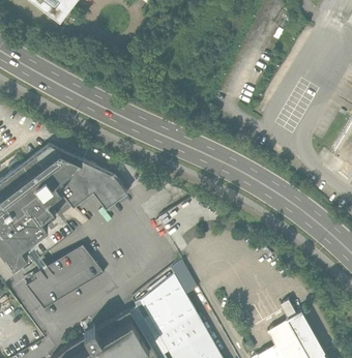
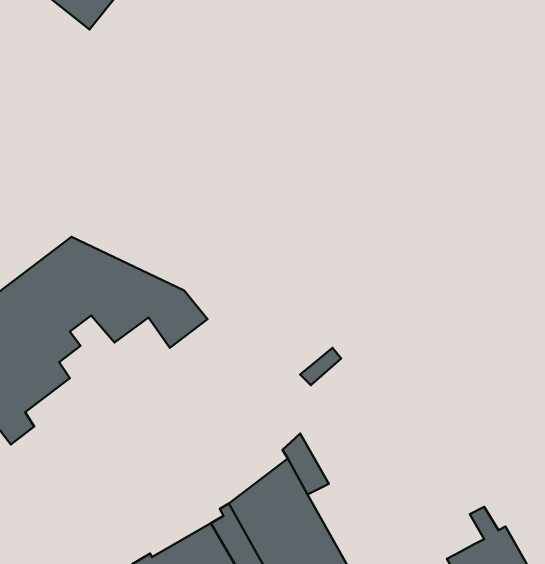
building: [26,243,104,307] -> none

